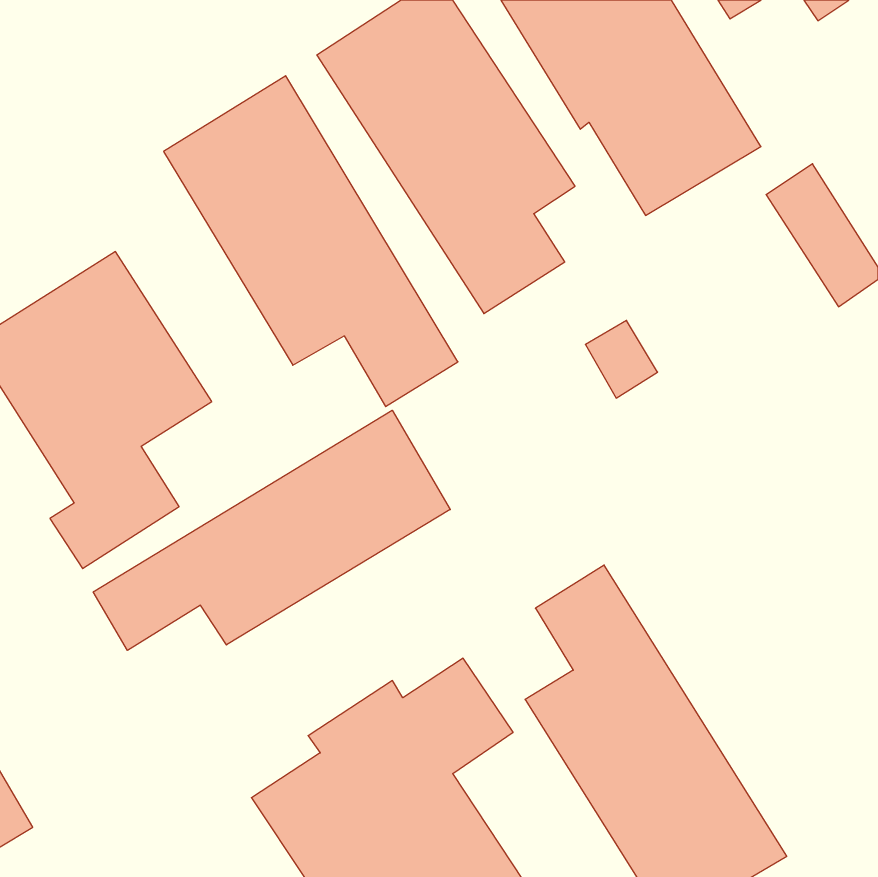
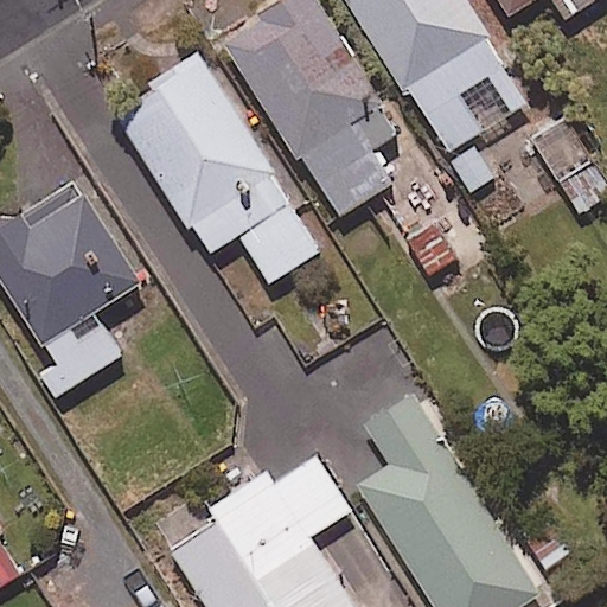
building: [93,410,450,650] -> none

